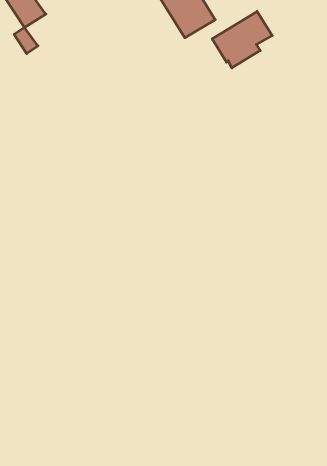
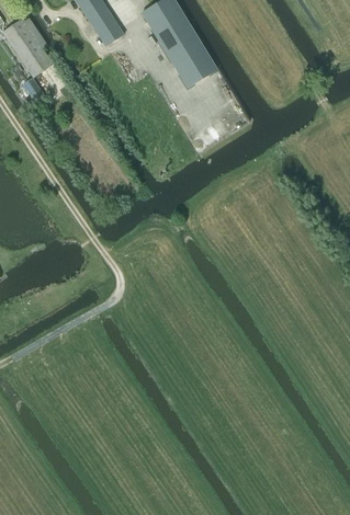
building: [212,11,272,68] -> none

